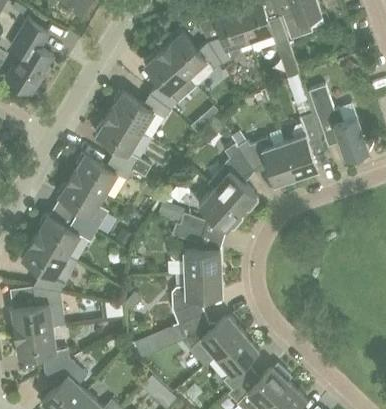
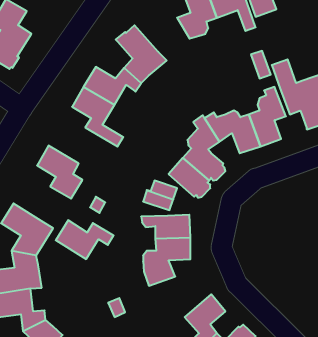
building: [162,32,220,86] -> none
building: [71,155,132,195] -> none
building: [34,216,95,257] -> [56,220,114,259]
building: [171,314,243,366] -> none

